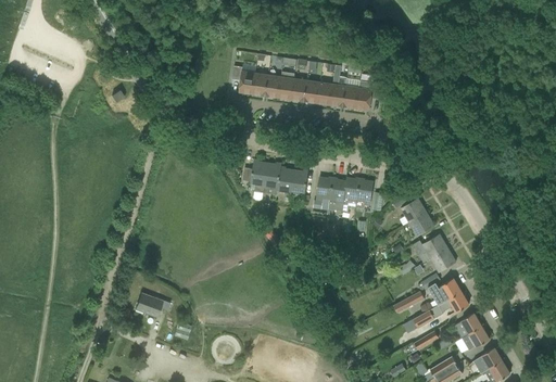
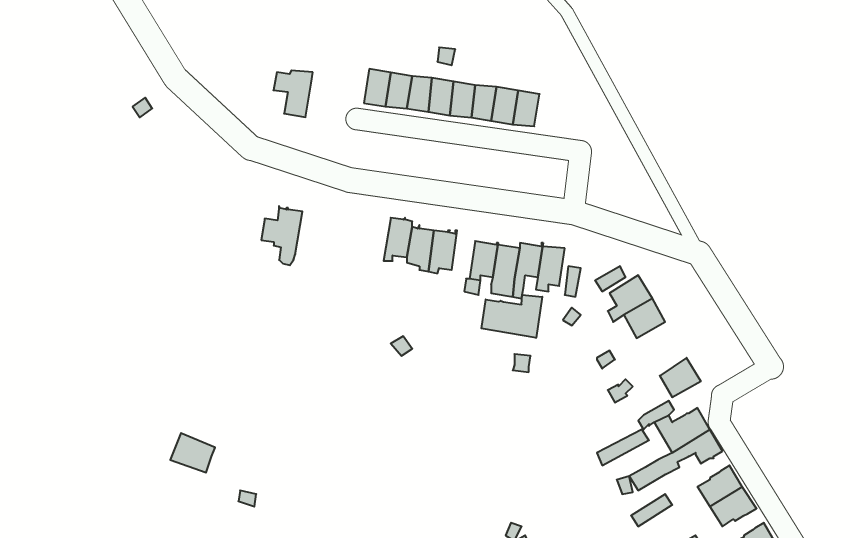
building: [232,65,256,93] -> [273,70,313,117]
building: [355,82,381,110] -> none
building: [243,160,268,195] -> [261,206,302,265]
building: none -> [481,295,542,338]
building: [413,234,447,263] -> none

